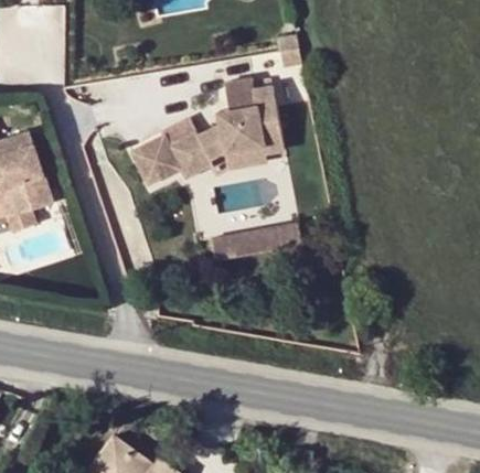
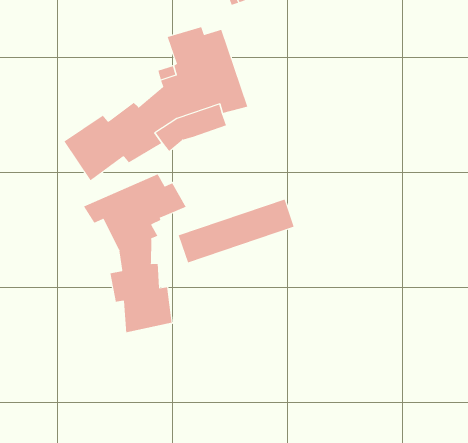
building: none -> [83,174,186,333]

